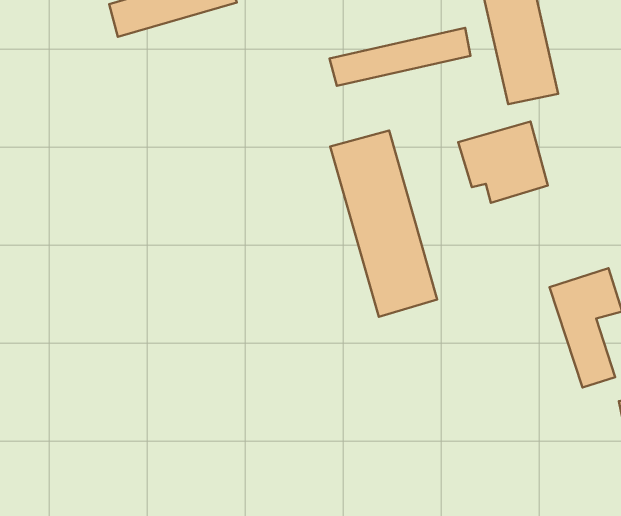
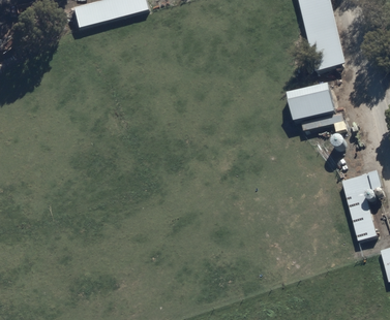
building: [330,28,471,86] -> none
building: [330,131,437,317] -> none

